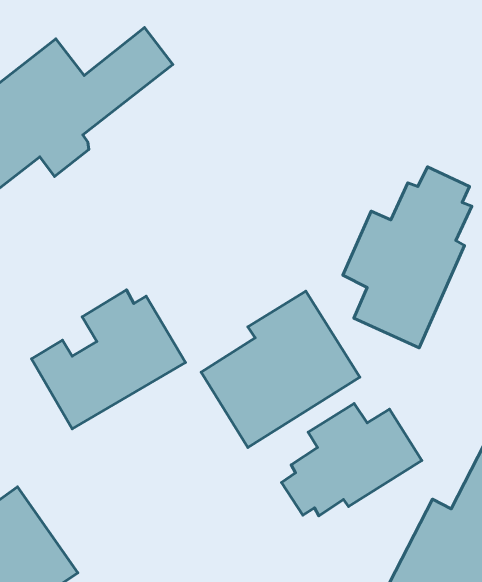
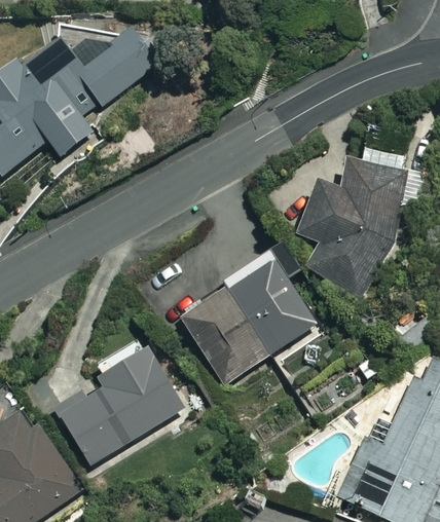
building: [32,290,186,429] -> [56,347,184,463]
building: [282,404,422,516] -> none

